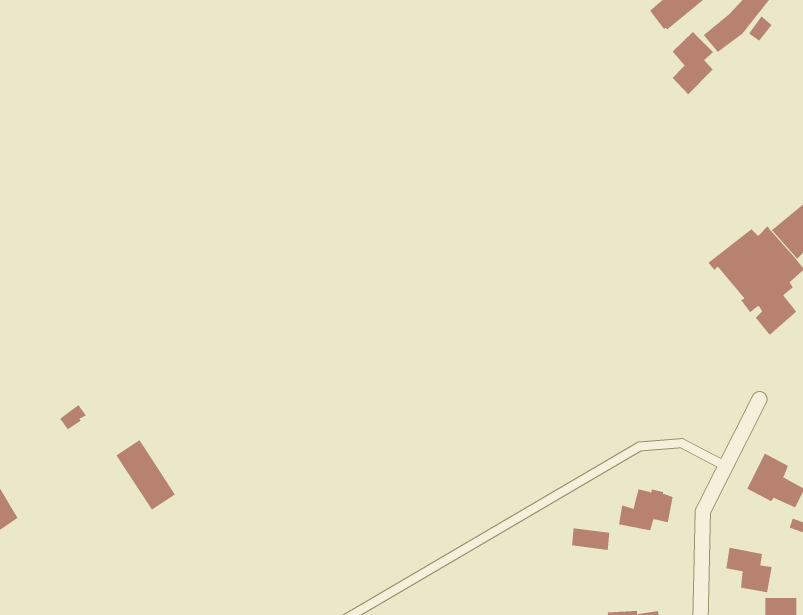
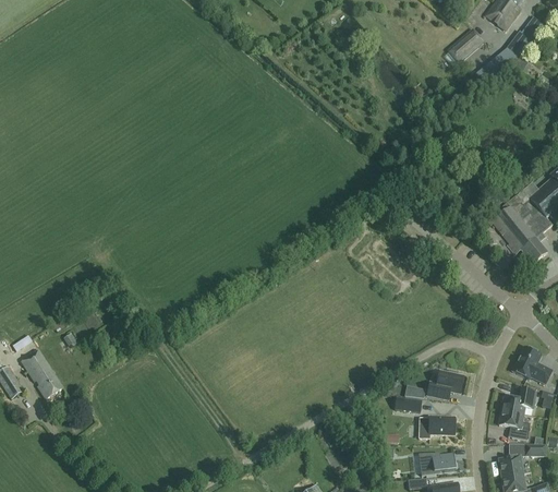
building: [672,31,714,95] -> none
building: [116,439,176,511] -> [22,350,62,398]
building: none -> [500,389,535,415]
building: none -> [418,417,454,439]

